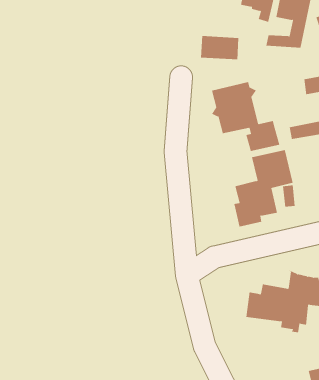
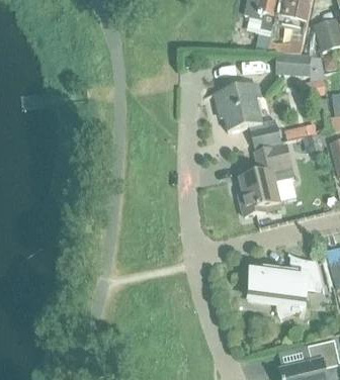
building: [200,36,239,60] -> [275,53,311,75]

